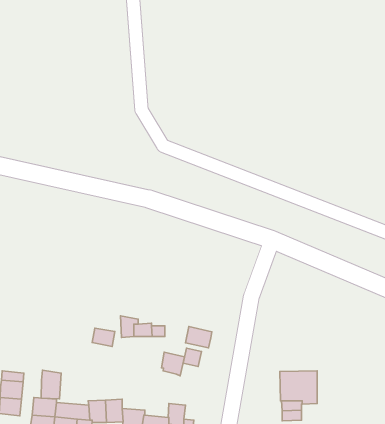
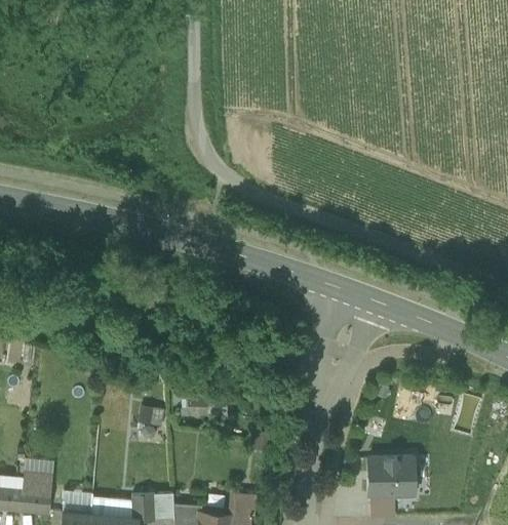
building: [186,327,212,348] -> none
building: [161,352,185,376] -> none
building: [41,370,61,399] -> none

